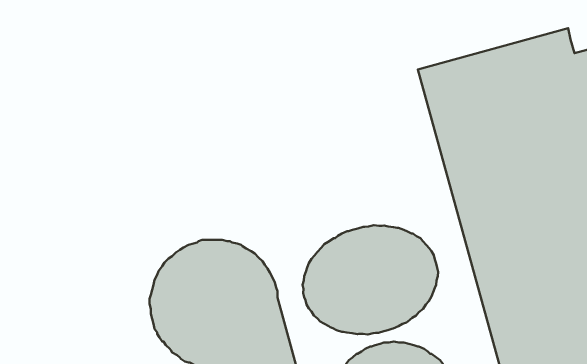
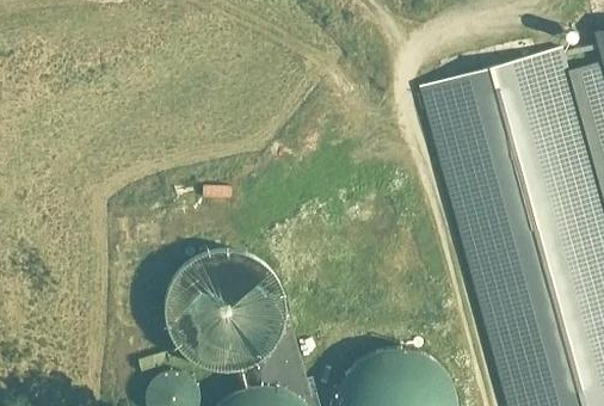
building: [302,225,438,334] -> none

